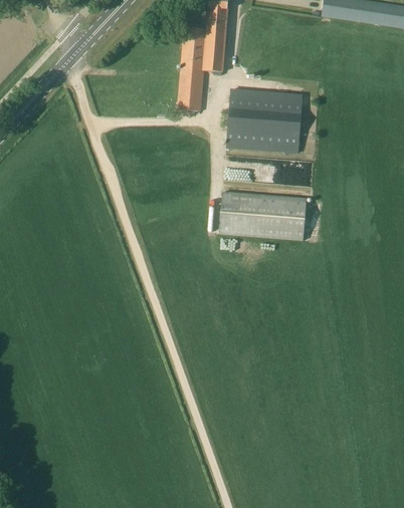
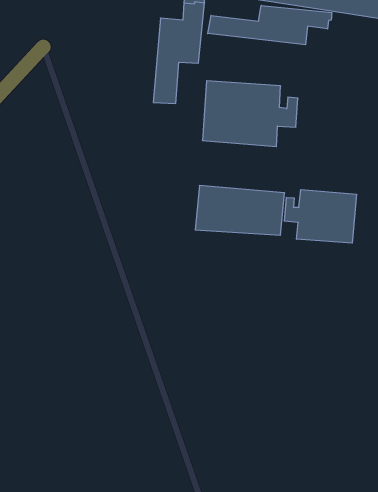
building: none -> [208,5,332,45]
building: none -> [284,190,356,243]

